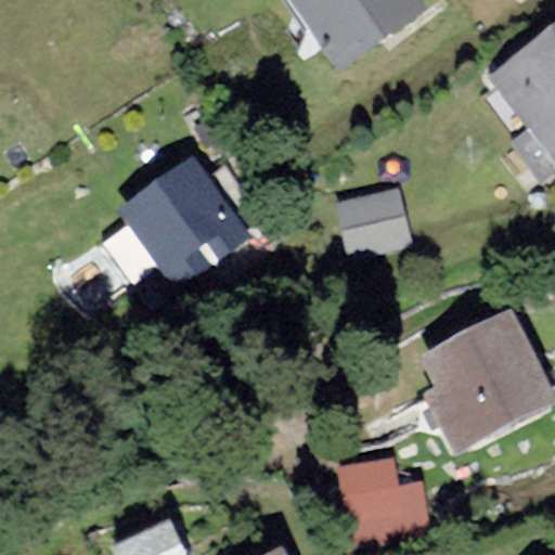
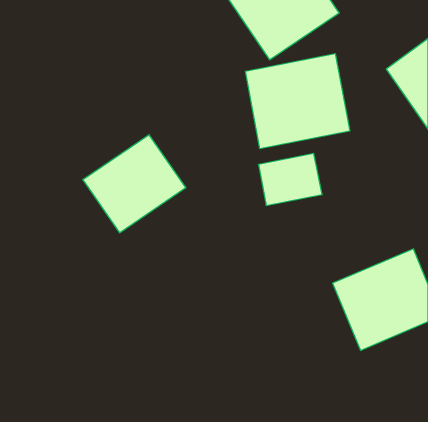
building: none -> [245,54,350,149]
building: [336,441,429,532] -> none

